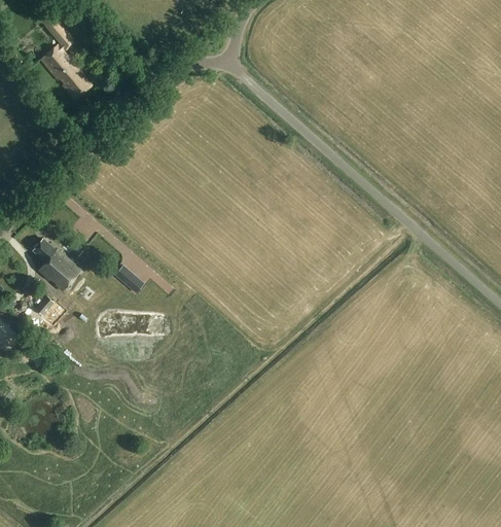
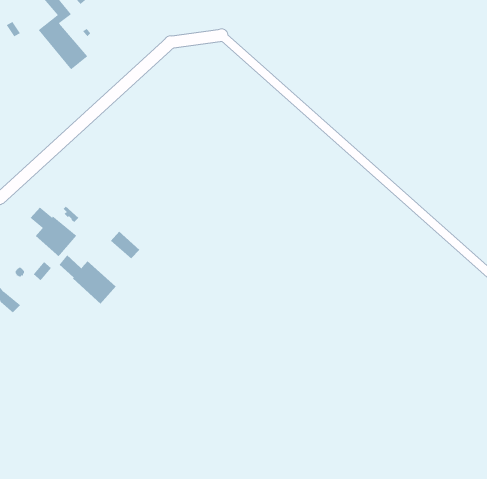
building: none -> [59,255,117,304]

